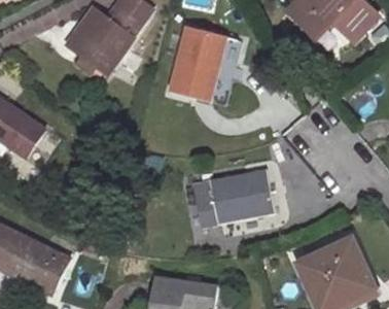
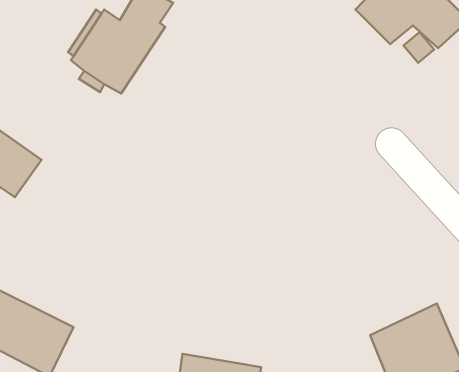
building: [172,28,231,103] -> none
building: [193,169,272,228] -> none

